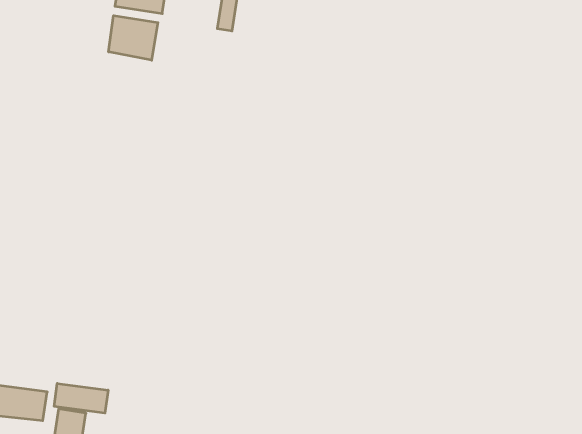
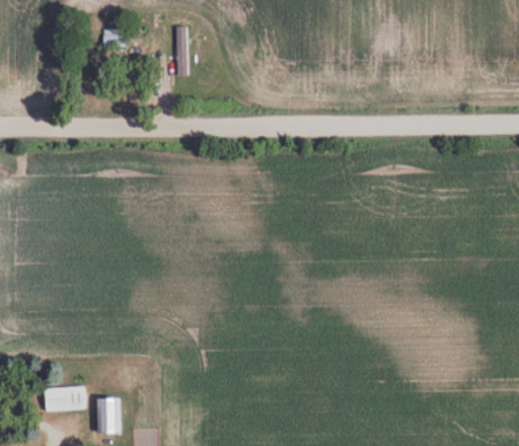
building: [109,16,158,60] -> none
building: [54,383,108,413] -> none

